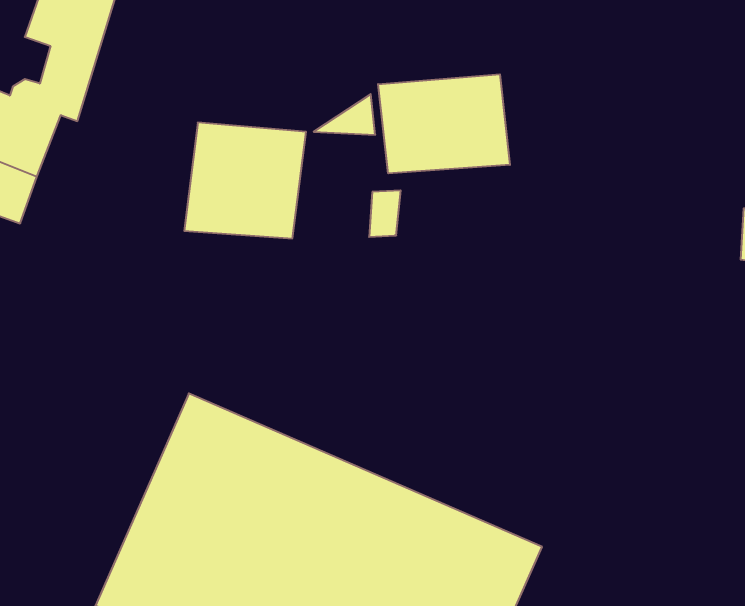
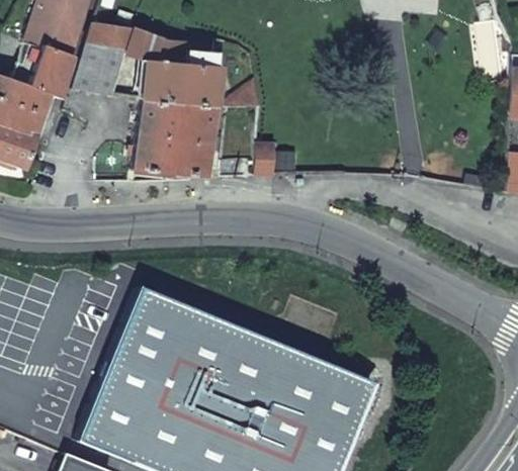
building: none -> [77,27,221,106]
building: [378,74,510,173] -> none

